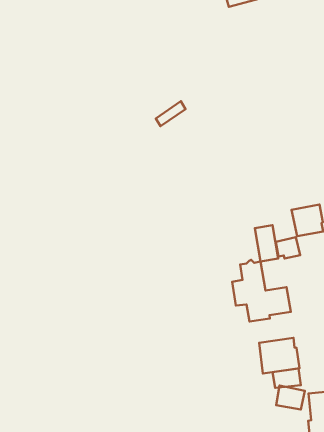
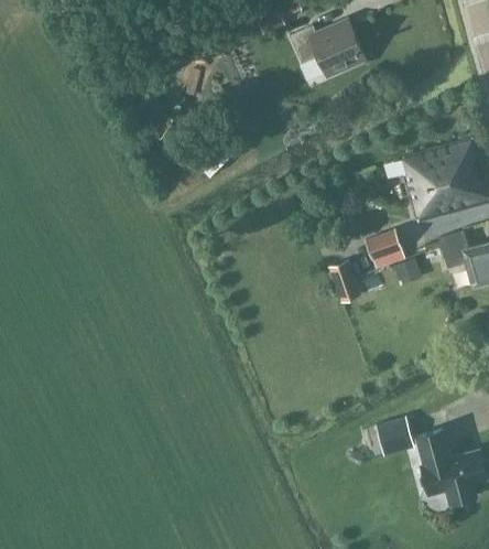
building: none -> [290,23,365,74]
building: [232,260,291,322] -> none
building: [259,338,300,373] -> none

